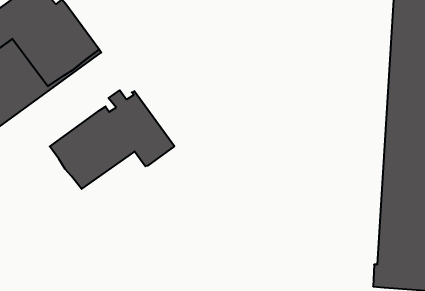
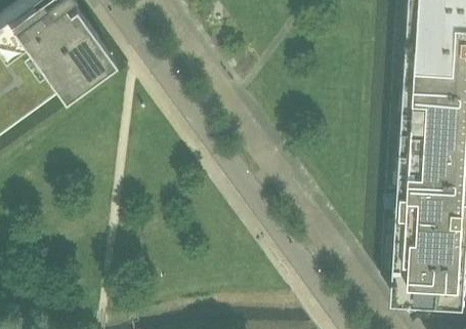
building: [50,90,174,189] -> none

